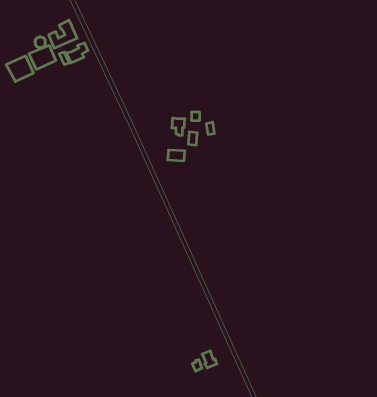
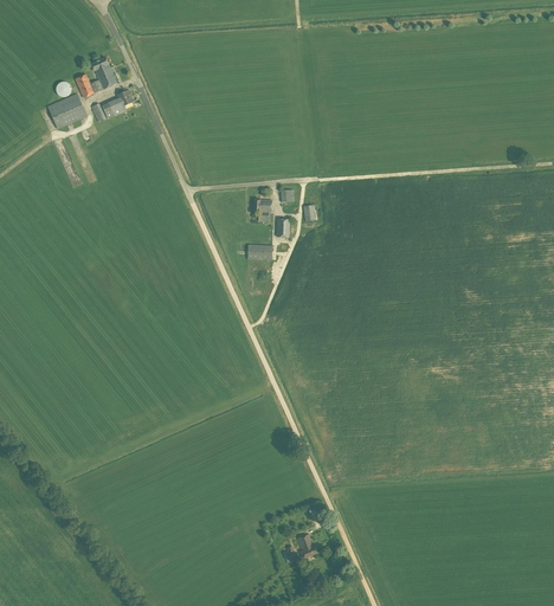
building: [6,56,33,82] -> none

